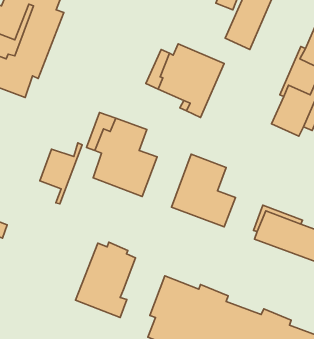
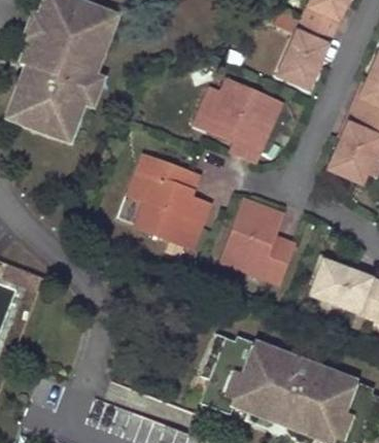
building: [40,143,82,204] -> none
building: [75,242,136,317] -> none

